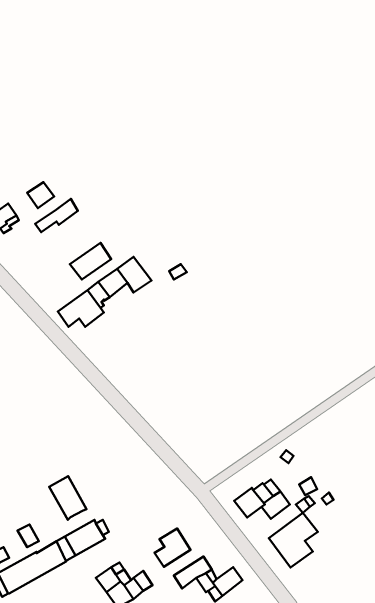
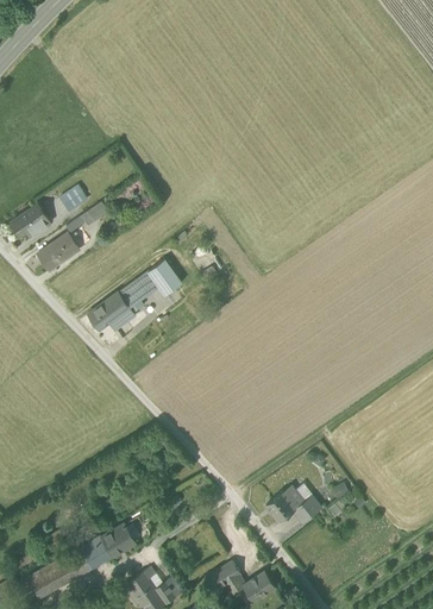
building: [70,243,111,279] -> [37,233,79,270]
building: [49,476,86,520] -> none
building: [269,513,318,567] -> none
building: [154,528,190,567] -> none

